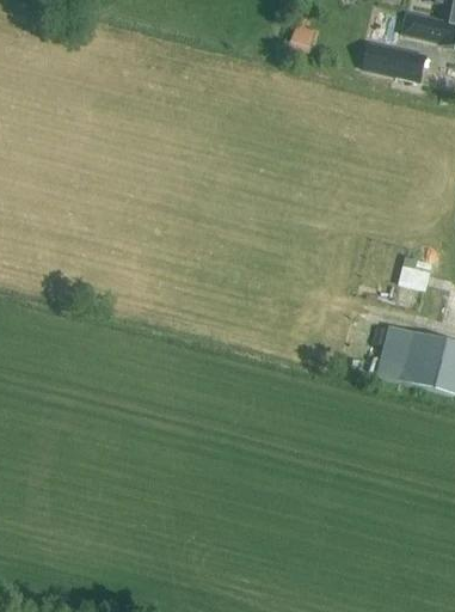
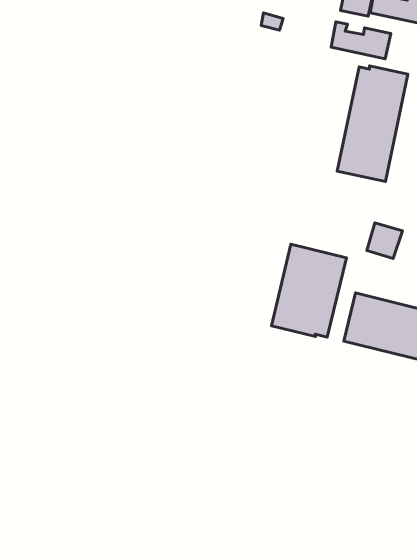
building: none -> [337,66,408,182]
building: none -> [272,244,346,337]

